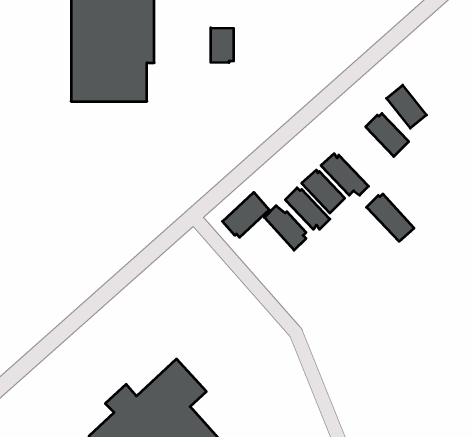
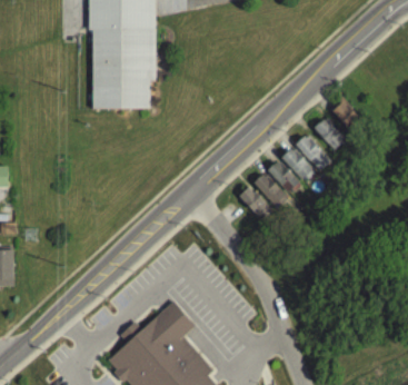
building: [211,28,234,63] -> none
building: [222,192,269,237] -> none
building: [366,194,414,241] -> [295,134,330,169]

